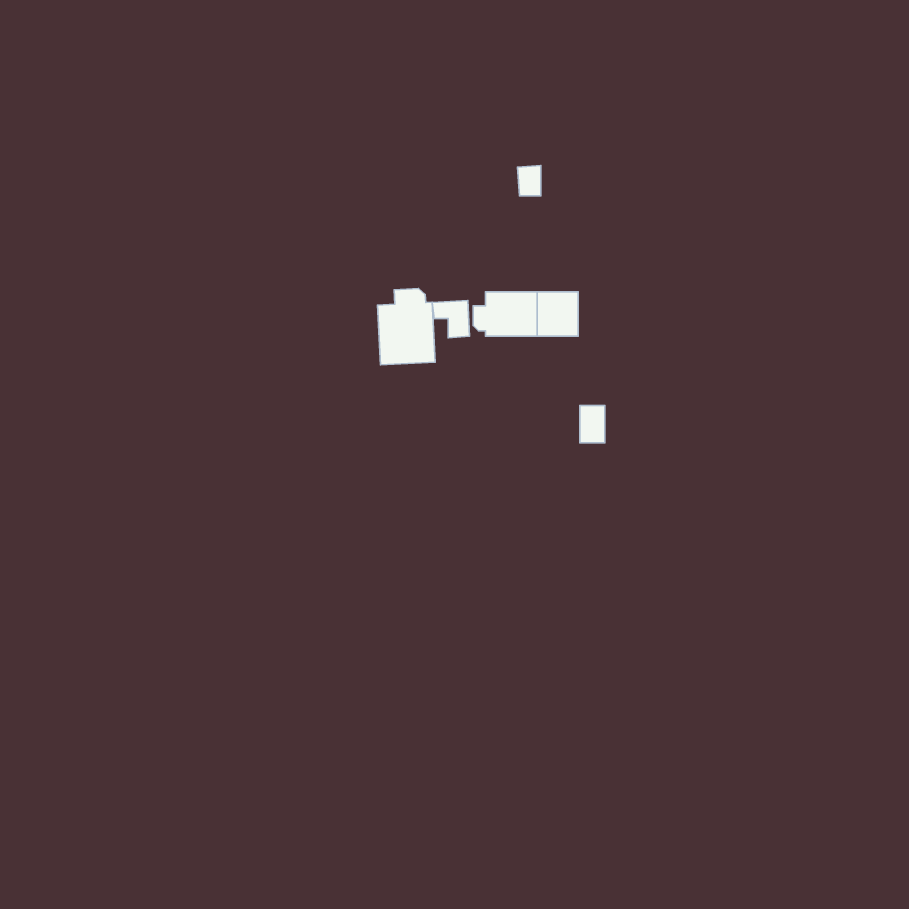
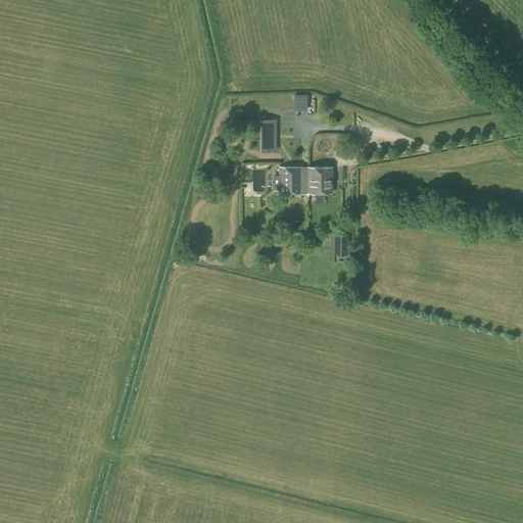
building: none -> [259,120,276,151]
building: [377,289,435,365] -> none

